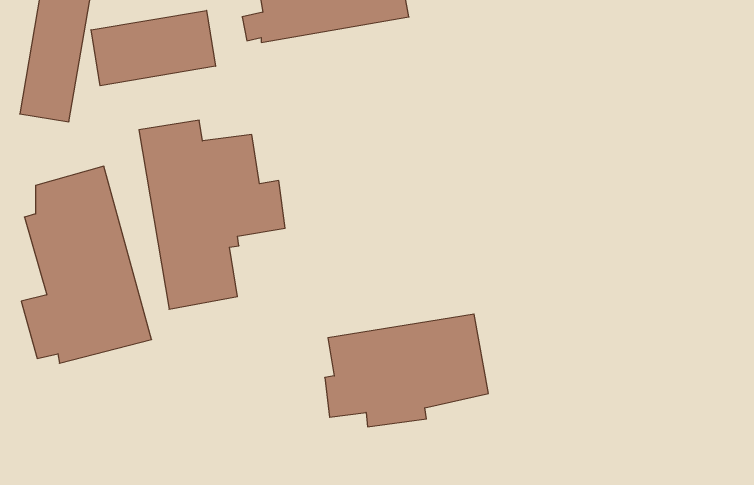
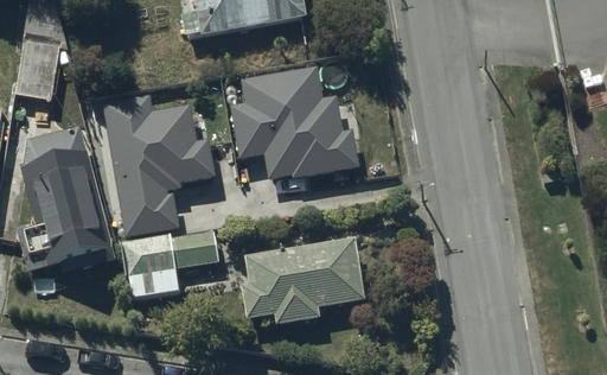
building: [91,10,216,86] -> none
building: none -> [232,66,357,177]
building: none -> [127,230,216,294]

